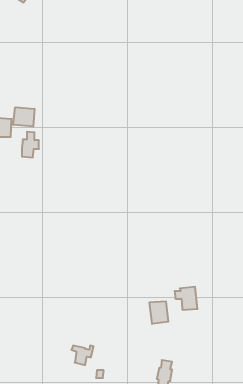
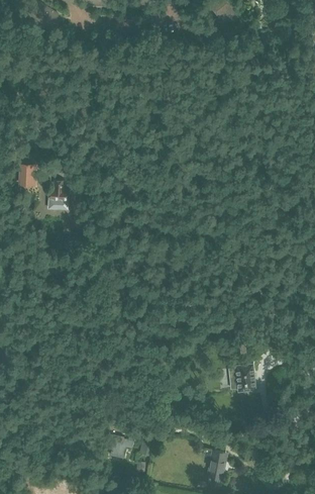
building: [13,107,34,127] -> none
building: [150,301,168,324] -> none

